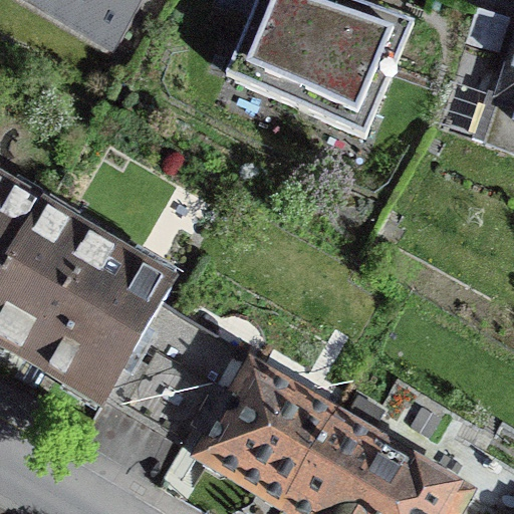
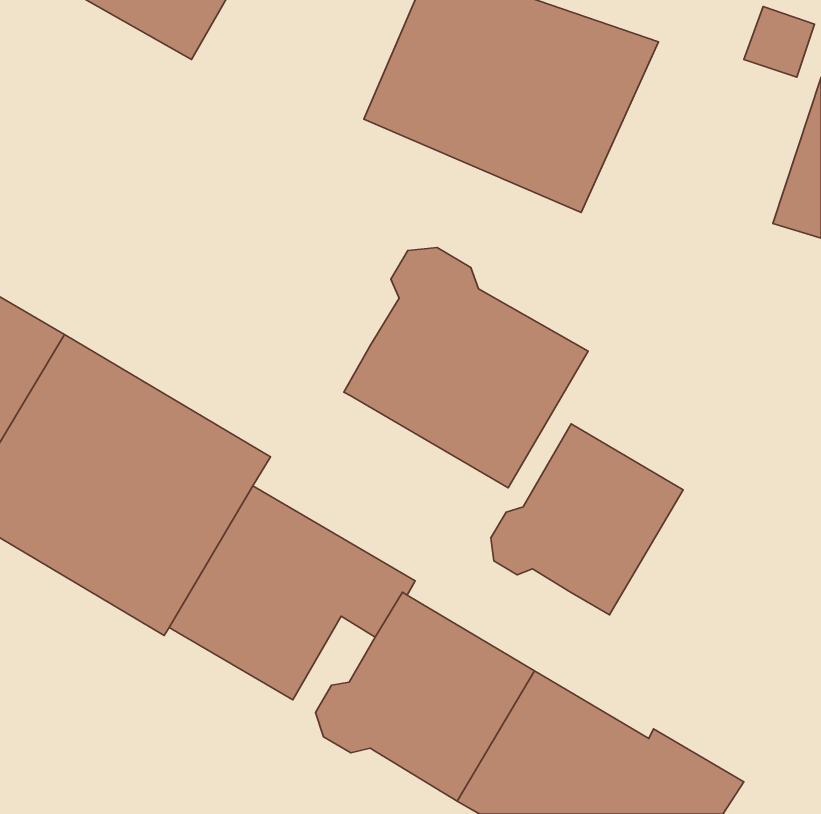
building: none -> [344,248,588,488]
building: none -> [491,424,683,615]

